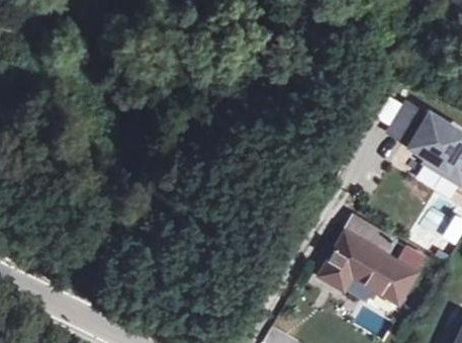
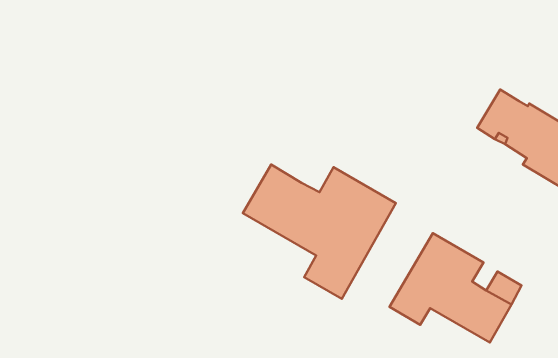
building: none -> [243,165,396,299]

